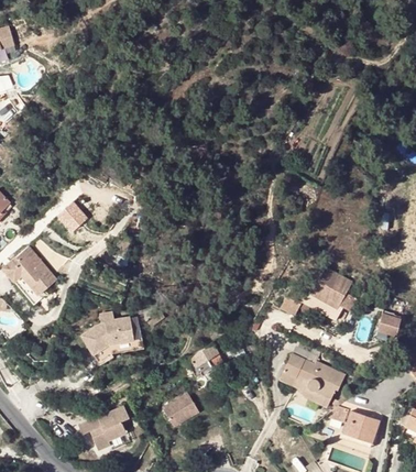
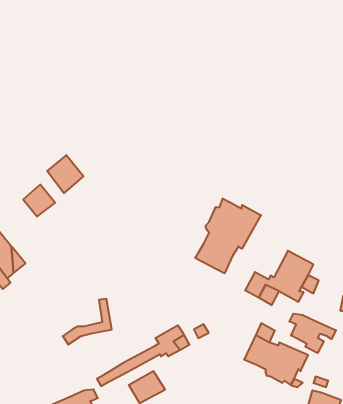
building: none -> [47,155,83,193]
building: none -> [195,198,261,273]
building: [83,314,134,354] -> none
building: none -> [289,314,336,353]

